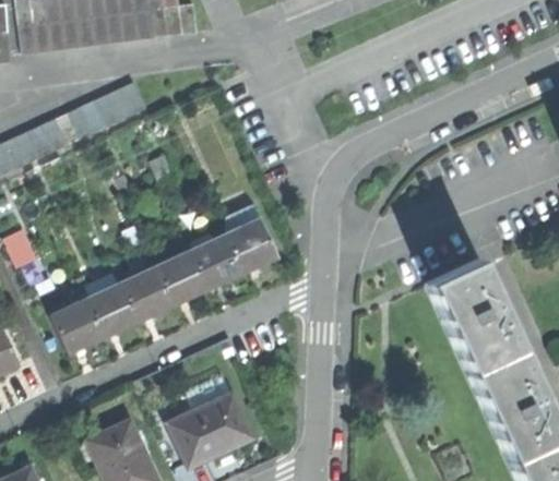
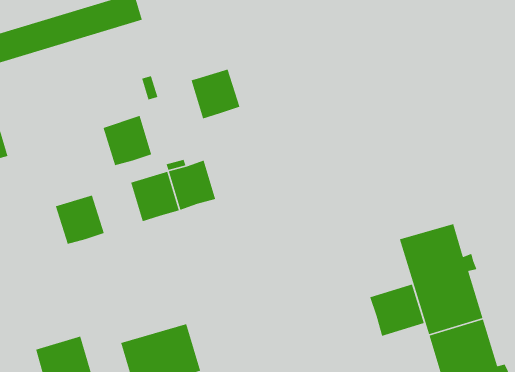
building: [225,217,277,270] -> [191,68,240,120]
building: [121,266,174,320] -> [102,115,152,166]
building: [51,300,104,352] -> none
building: none -> [369,284,425,337]

